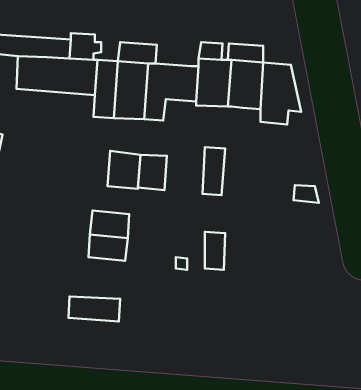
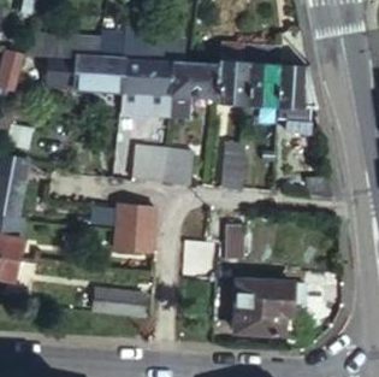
building: none -> [236,278,295,331]

